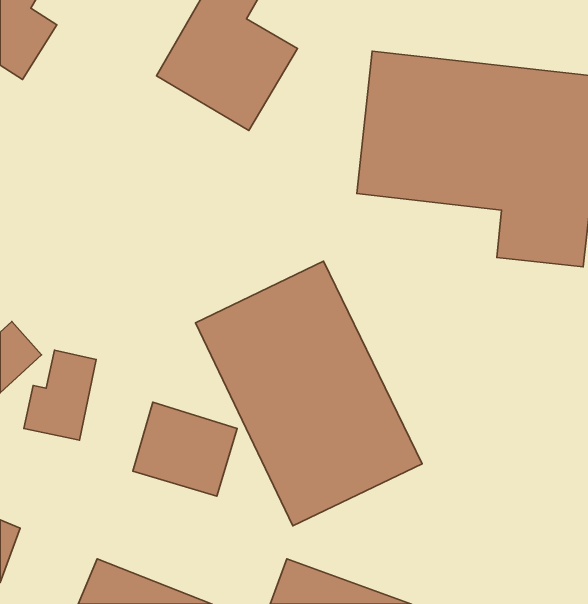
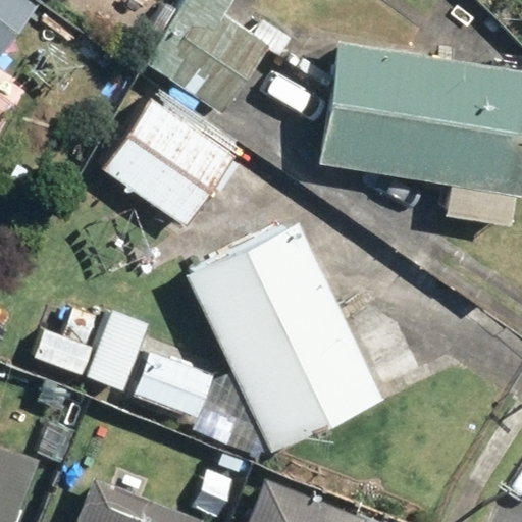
building: none -> [105,88,246,231]

